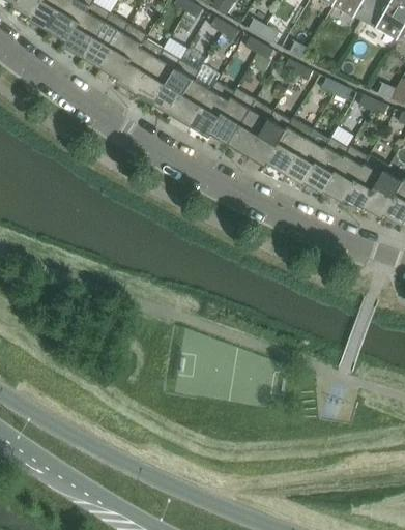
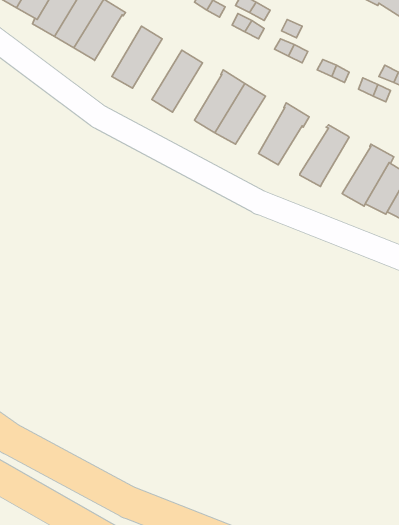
building: [117,37,163,93] -> none
building: [154,59,199,114] -> none
building: [191,81,235,137] -> none
building: [248,111,292,166] -> none
building: [286,129,331,184] -> none
building: [325,145,370,202] -> none

